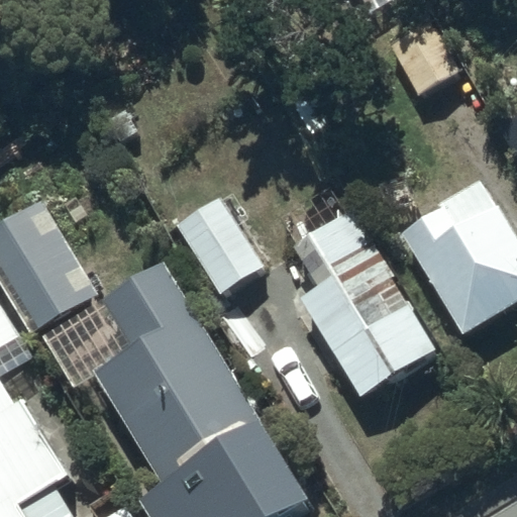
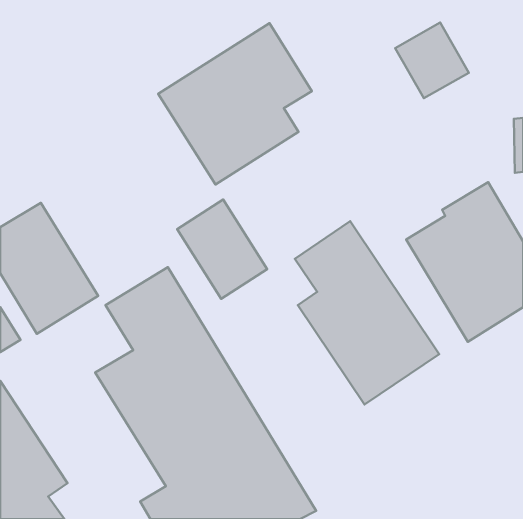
building: none -> [158,23,312,185]

